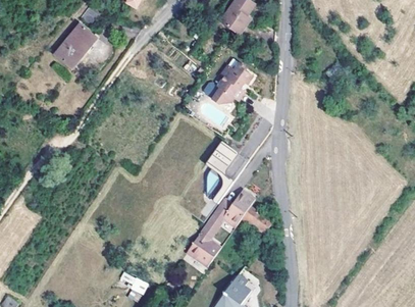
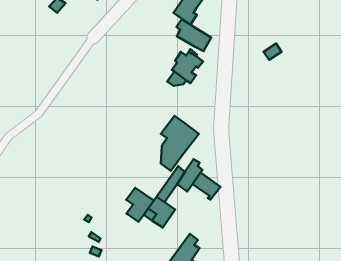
building: [53,22,96,68] -> none
building: none -> [177,19,211,51]
building: none -> [126,188,154,222]

